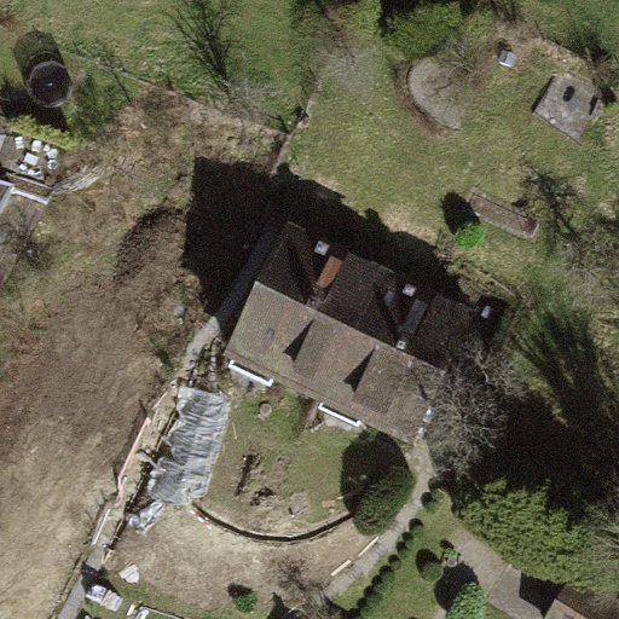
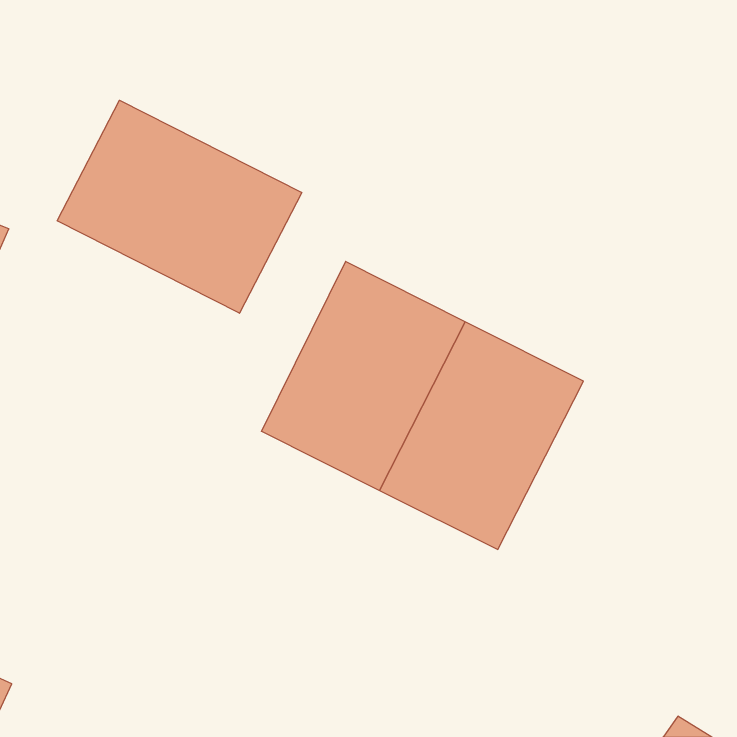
building: none -> [57,100,302,313]

